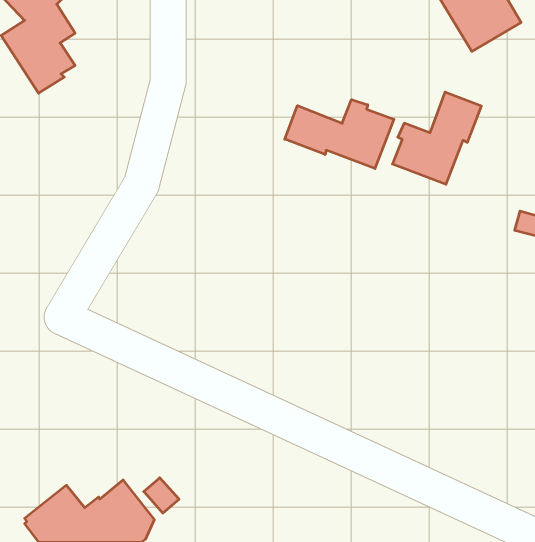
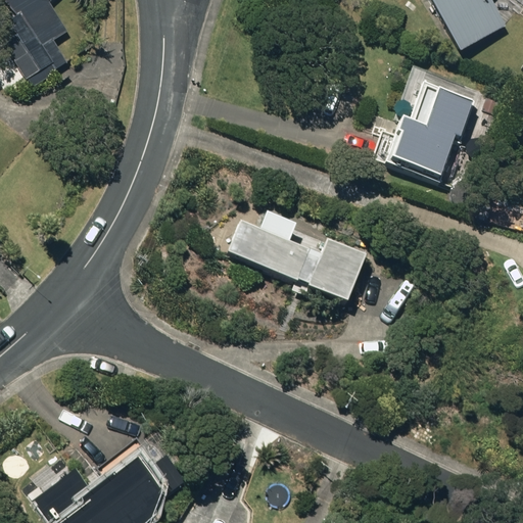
building: [285,100,394,169] -> none
building: none -> [224,210,366,300]

